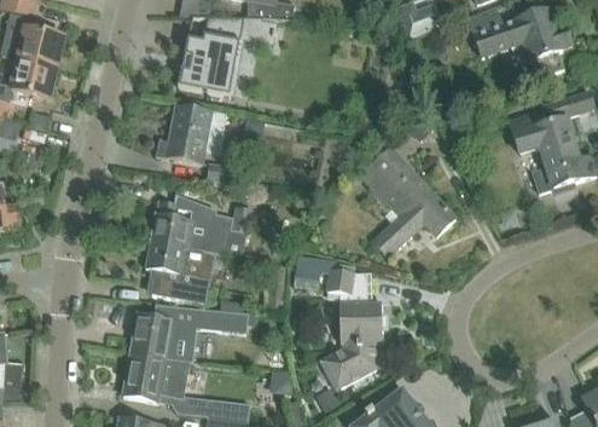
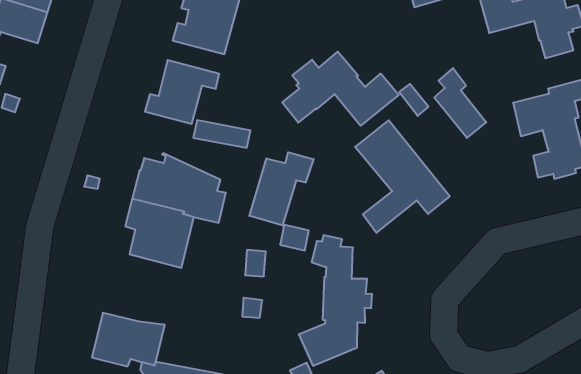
building: none -> [282,52,399,126]
building: none -> [434,68,486,138]
building: none -> [249,152,314,226]
building: [130,302,249,359] -> none

